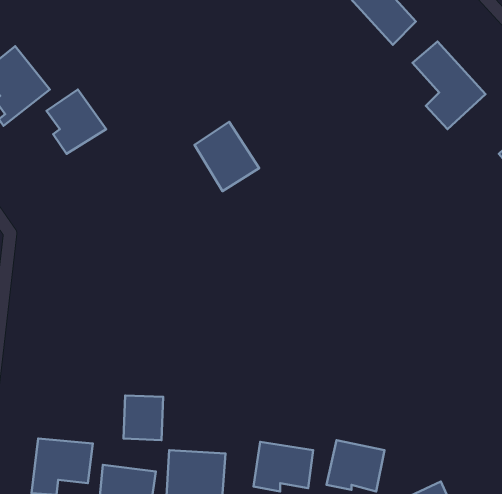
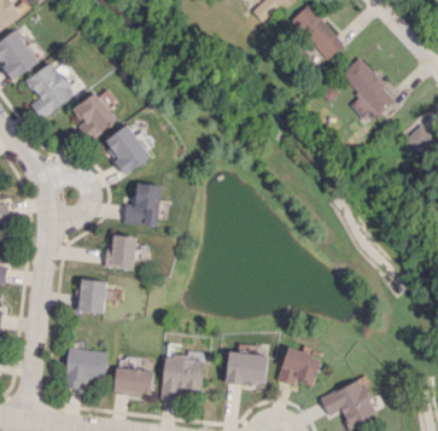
building: [194,122,259,191] -> [104,124,151,175]
building: none -> [124,184,160,225]
building: none -> [110,235,135,266]
building: [123,395,163,440] -> [76,280,105,313]

